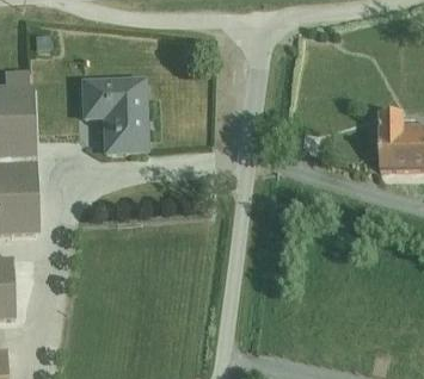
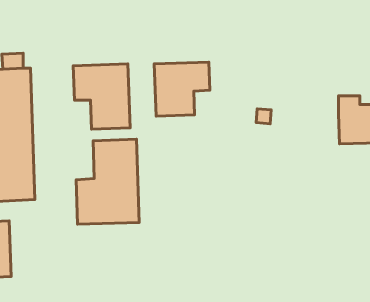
building: none -> [154,62,210,116]
building: none -> [76,139,139,224]

